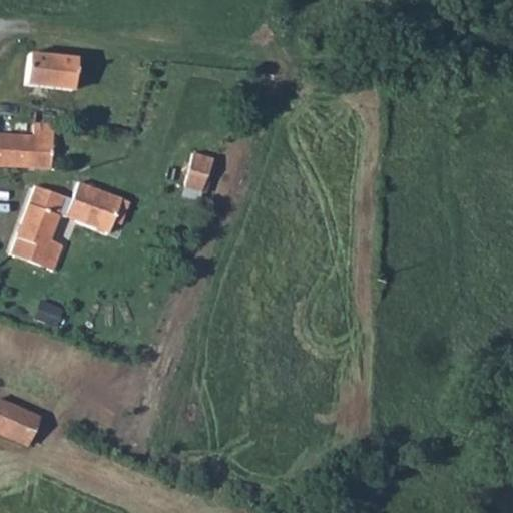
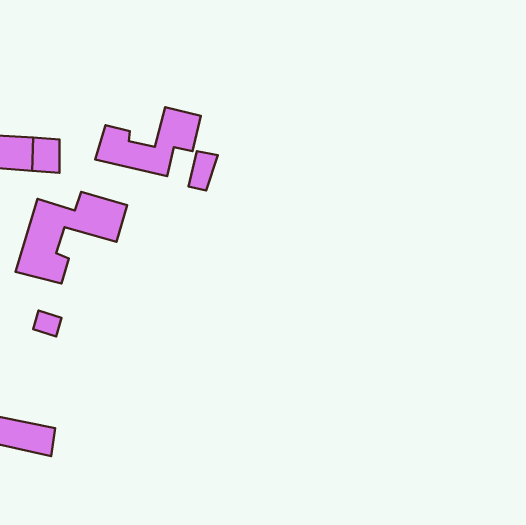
building: [26,56,67,83] -> none
building: none -> [95,107,201,176]

